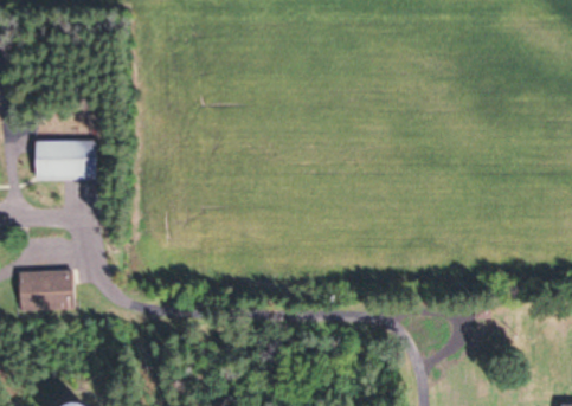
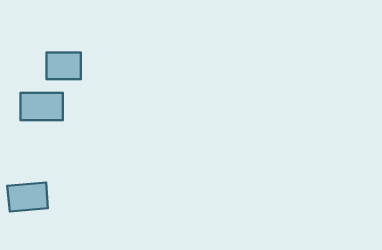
building: none -> [46,52,81,79]

